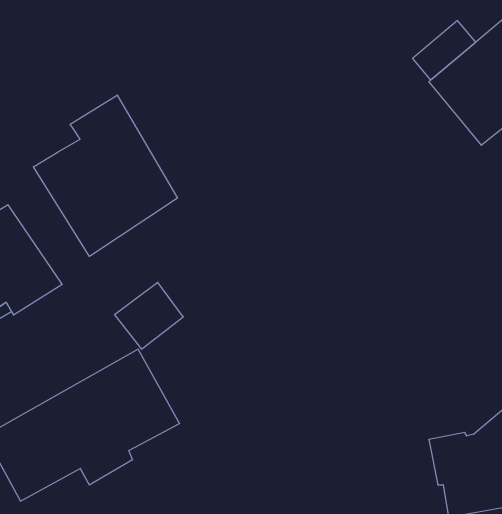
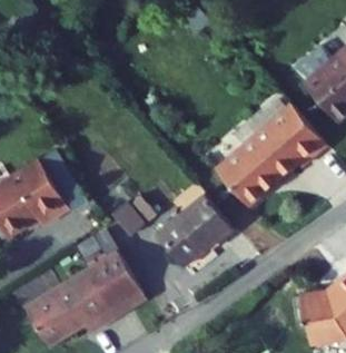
building: [33,95,177,256] -> none
building: none -> [214,105,326,207]
building: none -> [158,193,235,267]

